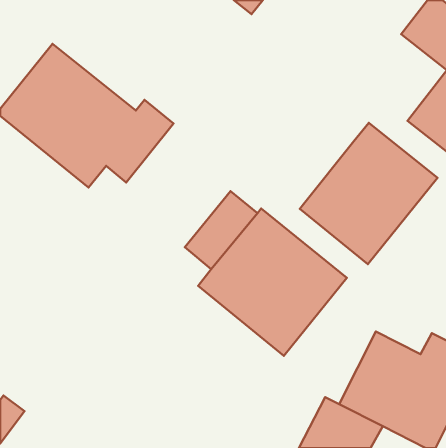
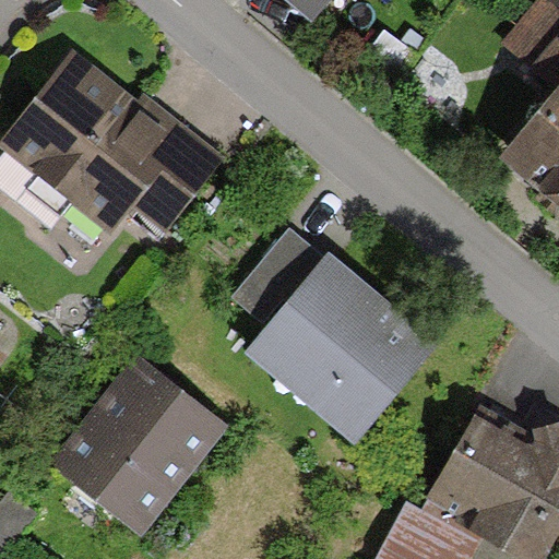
building: [300,123,438,264] -> none
building: none -> [56,369,222,539]

